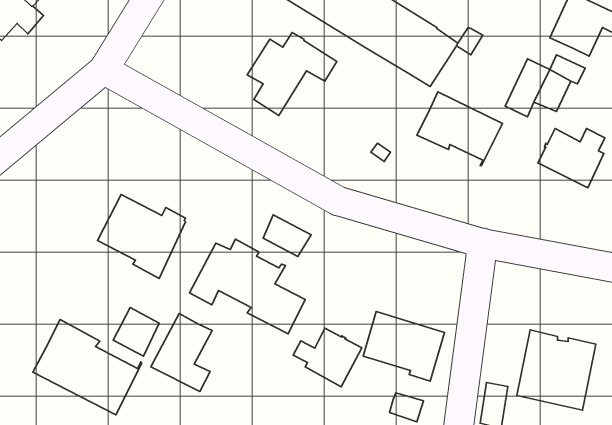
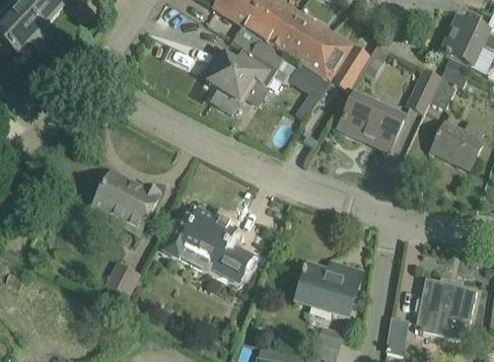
building: none -> [251,38,286,70]
building: none -> [288,60,330,97]
building: [263,215,311,257] -> none
building: [151,313,212,392] -> none
building: [33,320,142,415] -> none
building: [293,328,362,387] -> none

